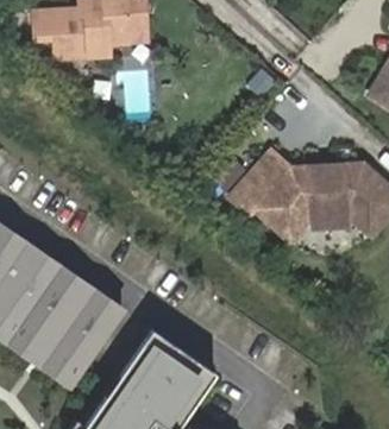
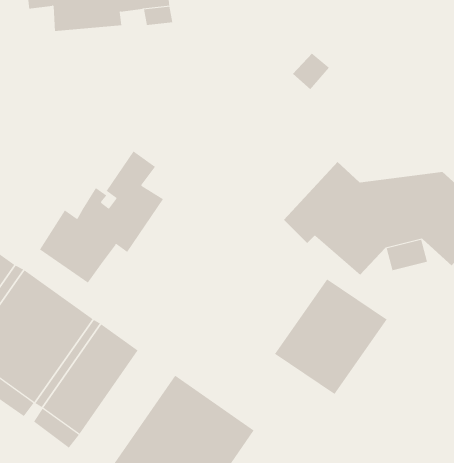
building: none -> [39,151,164,284]
building: none -> [274,278,387,395]

